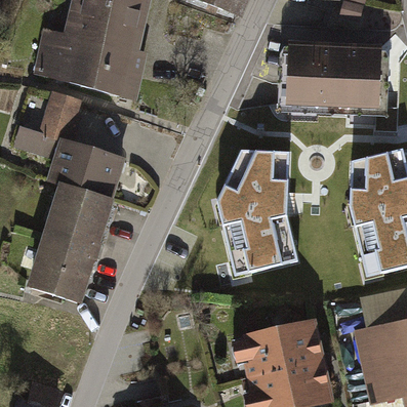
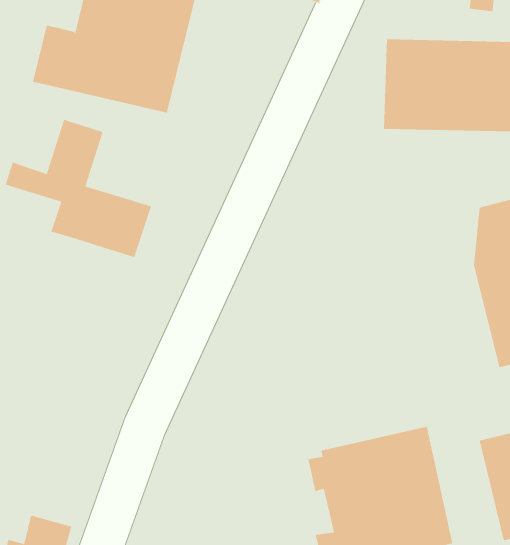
building: [219,154,300,277] -> none
building: [31,182,108,296] -> none

